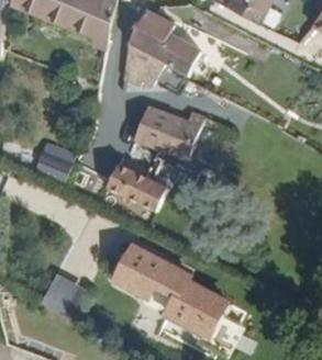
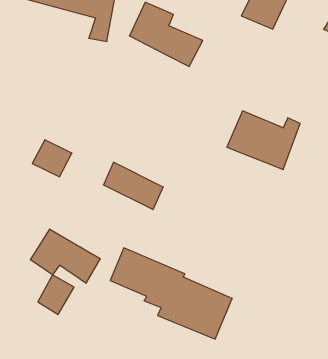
building: [123,42,163,83] -> none
building: [130,106,201,164] -> [227,111,300,170]
building: none -> [30,229,100,283]

